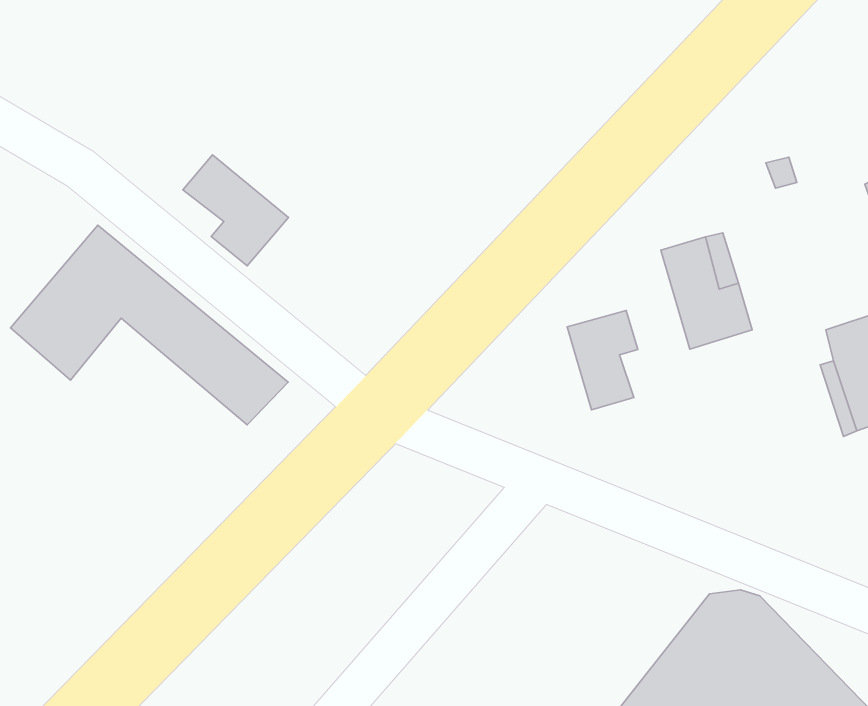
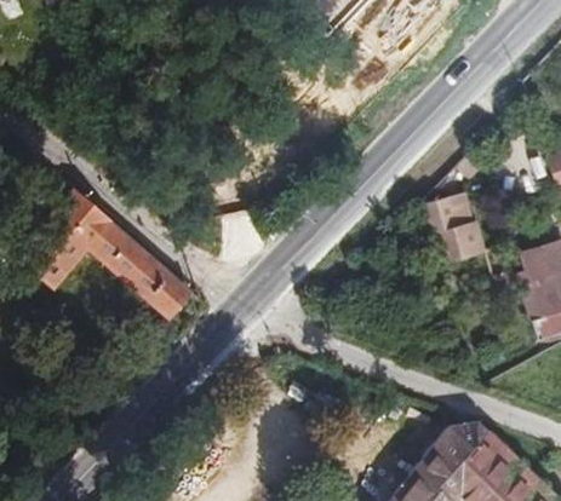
building: [183,155,288,266] -> none
building: [567,311,638,410] -> none

